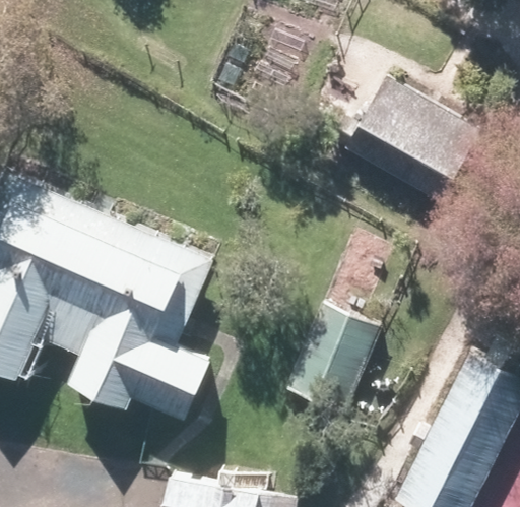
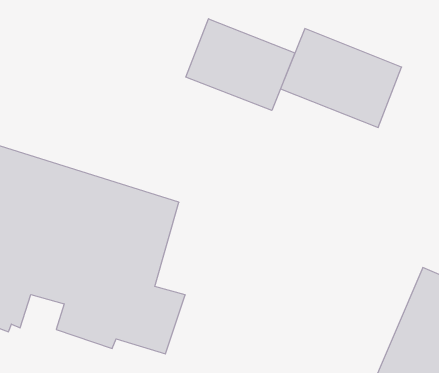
building: none -> [186,19,295,110]
building: [282,297,379,414] -> none

